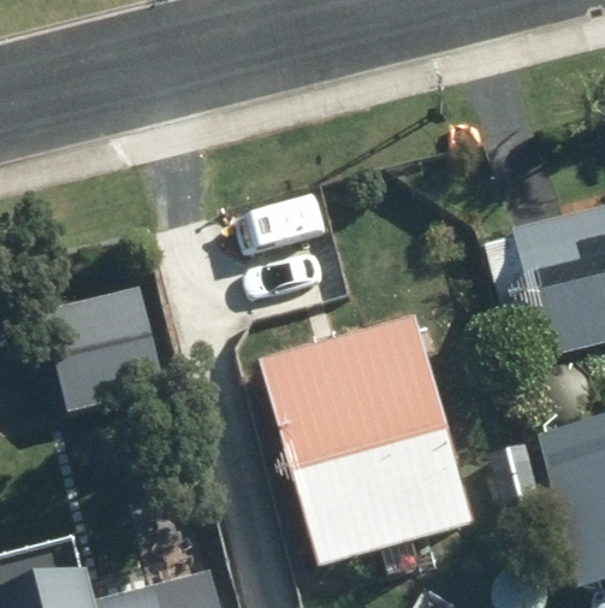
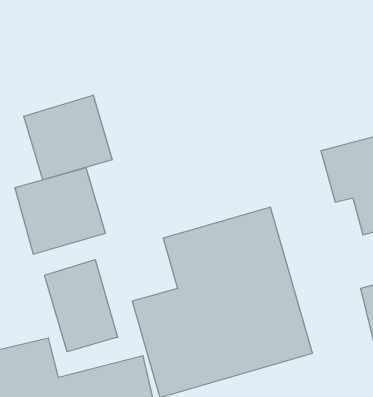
building: none -> [24,95,112,180]
building: none -> [44,260,118,352]

